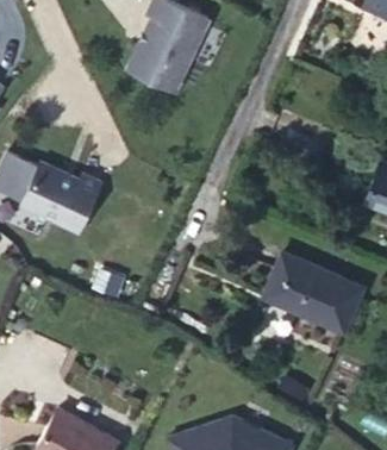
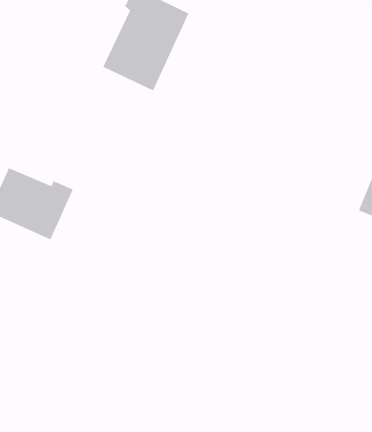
building: [266,254,363,333] -> none

